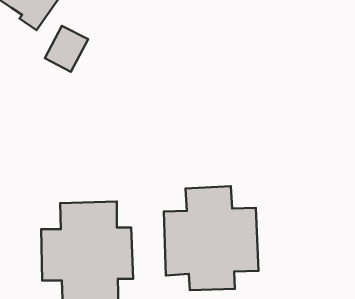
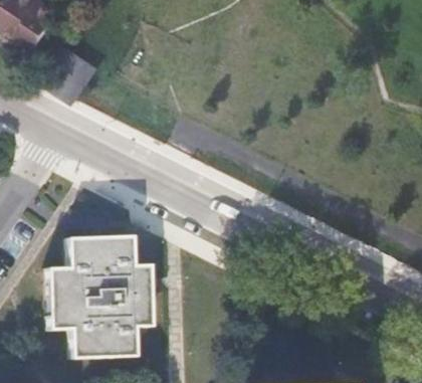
building: [164,186,259,290] -> none

